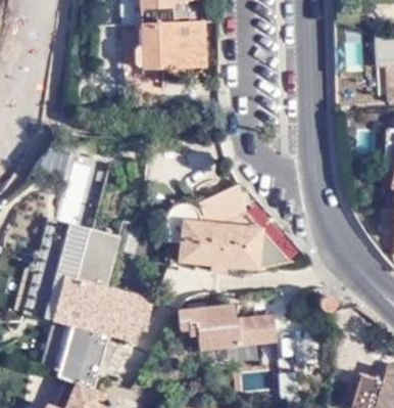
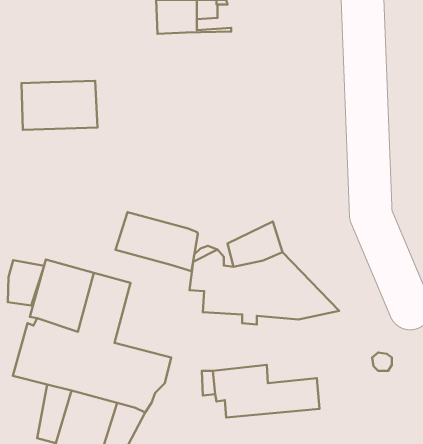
building: [142,28,205,69] -> [22,81,98,130]
building: none -> [116,212,198,271]
building: none -> [8,260,44,305]

